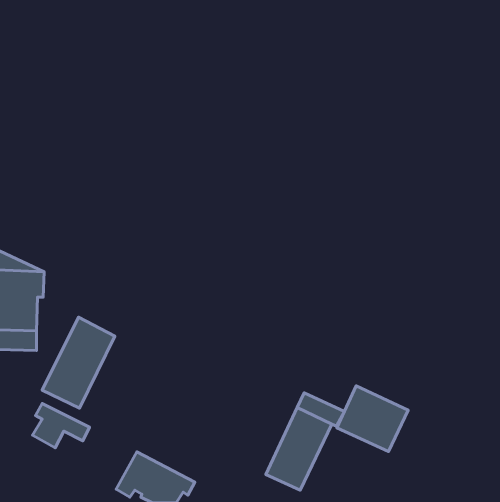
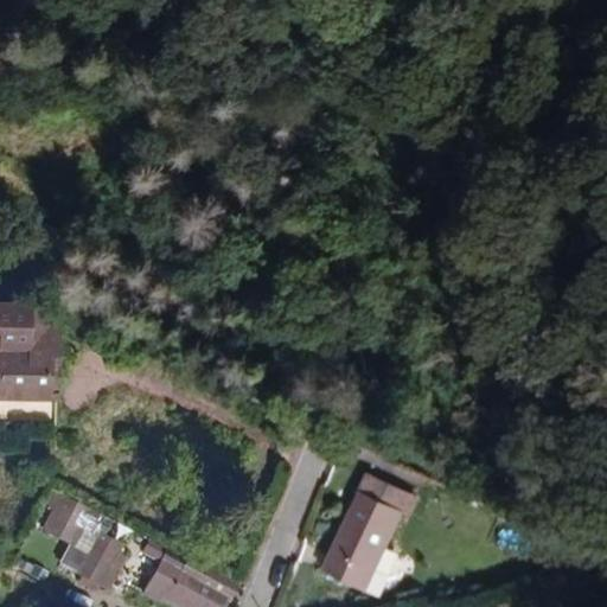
building: [42,317,115,408] -> none
building: [337,386,408,452] -> none
building: none -> [58,536,123,593]

